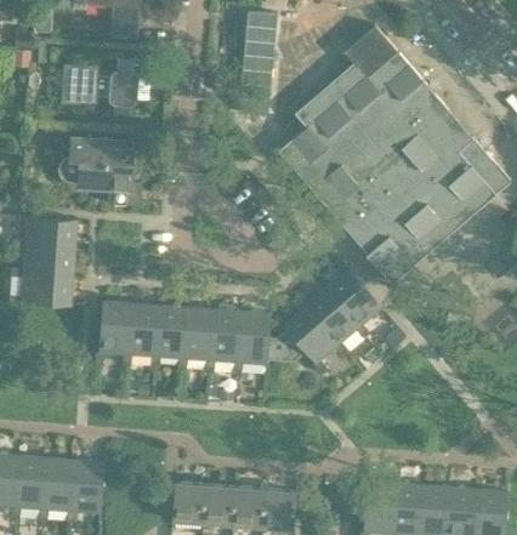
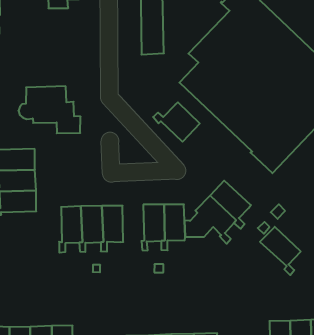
building: [72,58,152,116] -> none
building: none -> [153,102,200,142]
building: [326,269,380,336] -> [260,227,301,275]
building: [180,308,215,369] -> none

